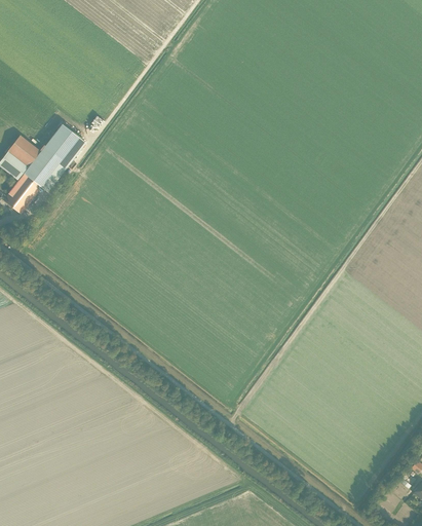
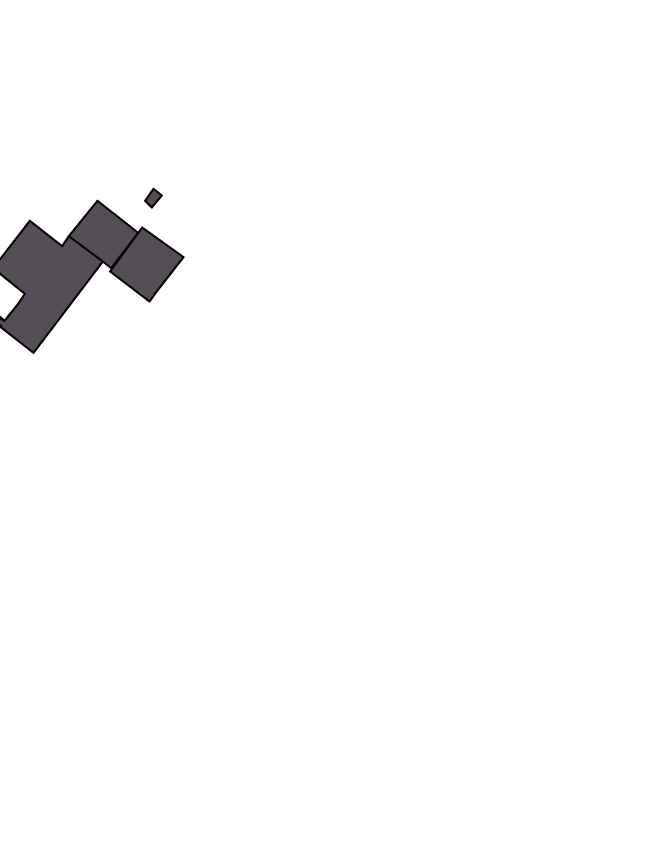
building: none -> [110,227,184,301]

